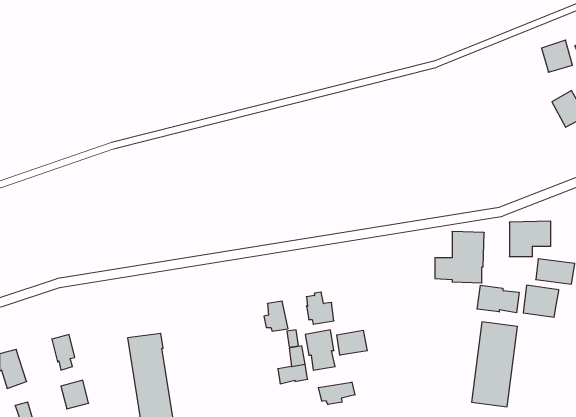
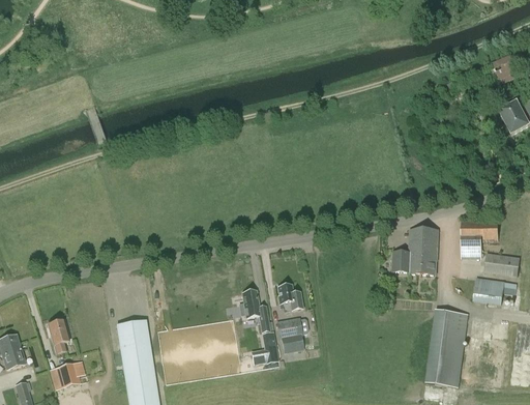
building: [477,285,519,313] -> none
building: [337,330,367,355] -> none
building: [319,382,355,405] -> none

